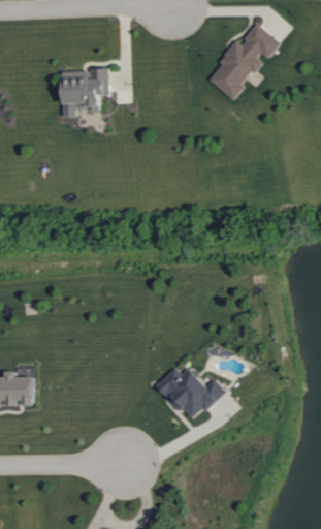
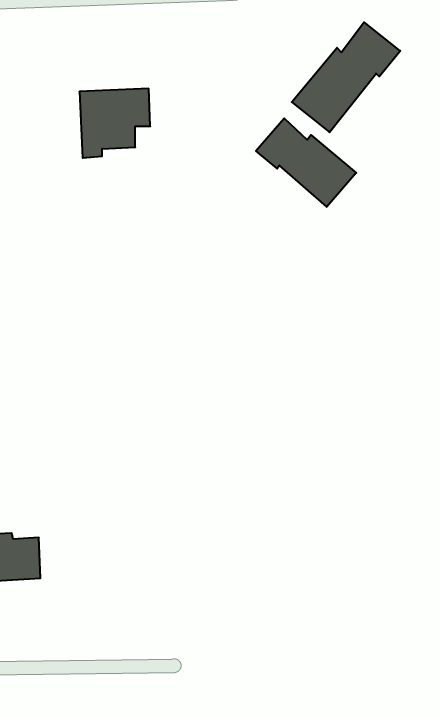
building: none -> [256,118,356,207]
building: [157,367,225,422] -> none

